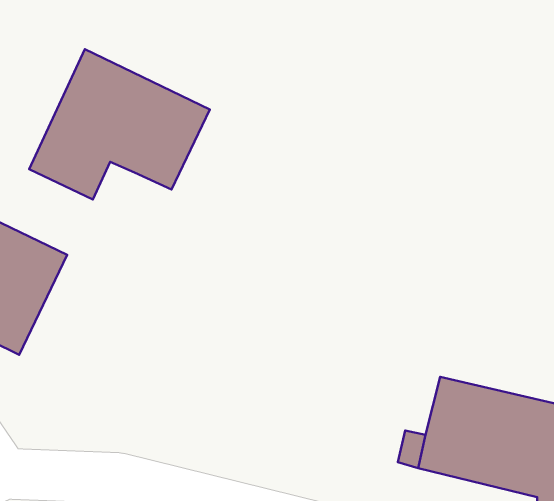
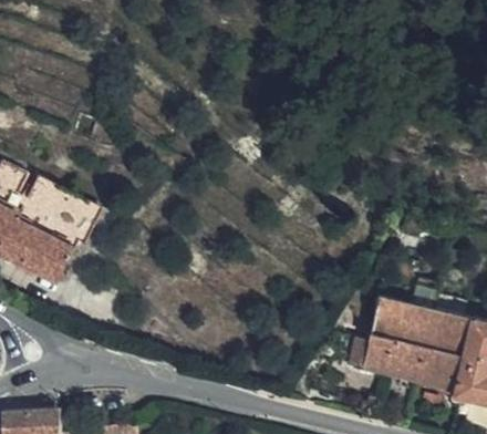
building: [29,49,210,199] -> none

